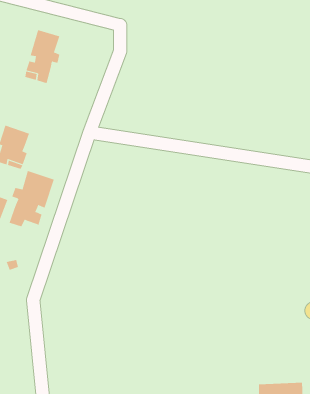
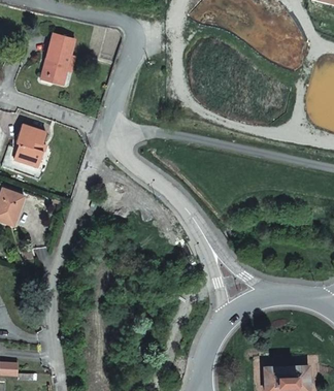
building: [9,170,54,227] -> none

